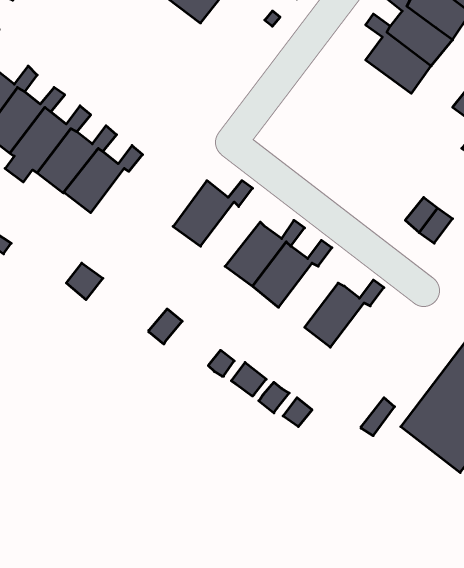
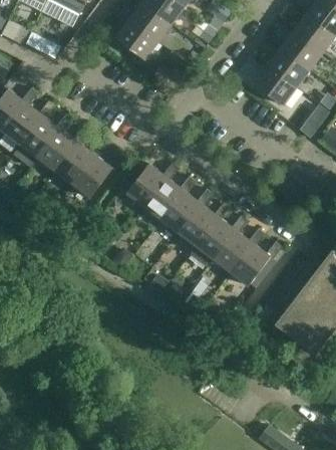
building: none -> [72,153,123,198]
building: none -> [144,176,196,219]
building: none -> [189,215,248,267]
building: none -> [230,241,282,285]

